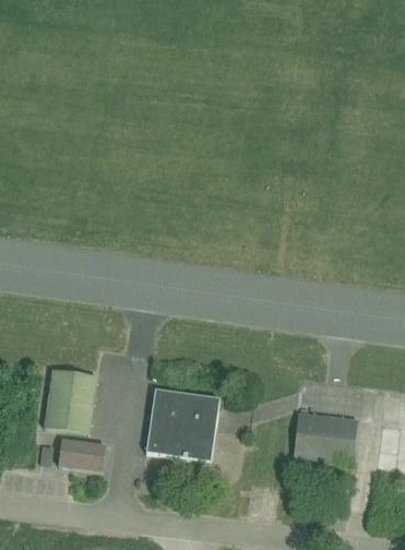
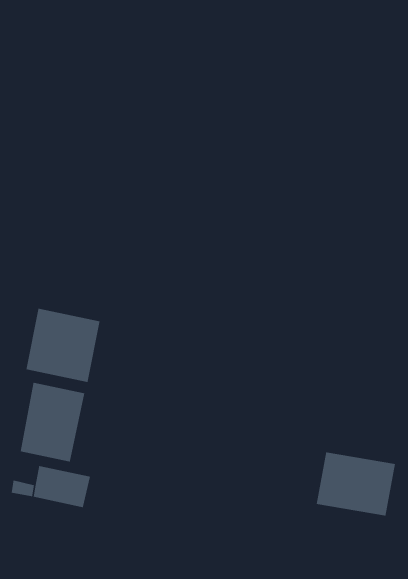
building: none -> [26,308,100,383]
building: [145,388,218,461] -> none

